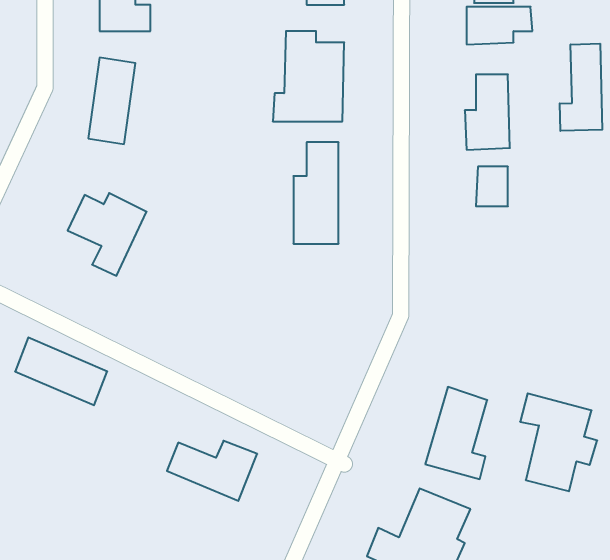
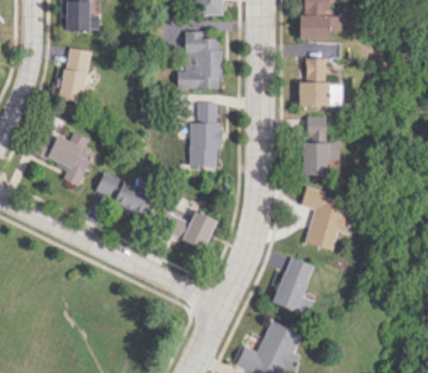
building: [560,44,602,131] -> none
building: none -> [302,142,339,175]
building: [15,337,107,405] -> [94,173,153,216]
building: [520,393,597,491] -> [300,188,349,250]
building: [167,441,257,501] -> [159,211,216,249]

